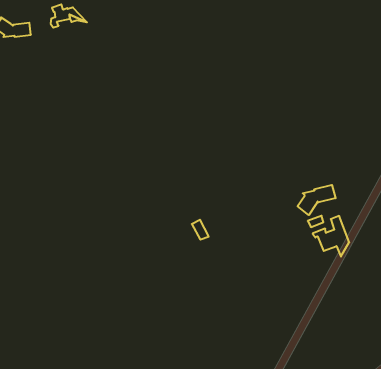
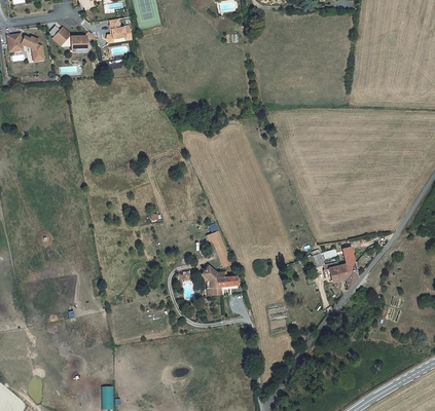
building: [298,185,336,215] -> none
building: none -> [202,265,238,295]

